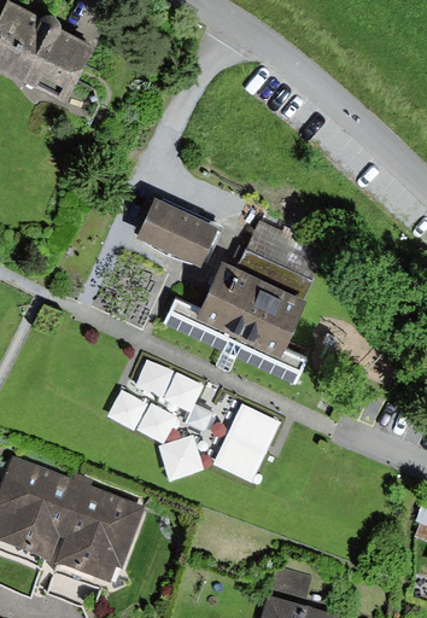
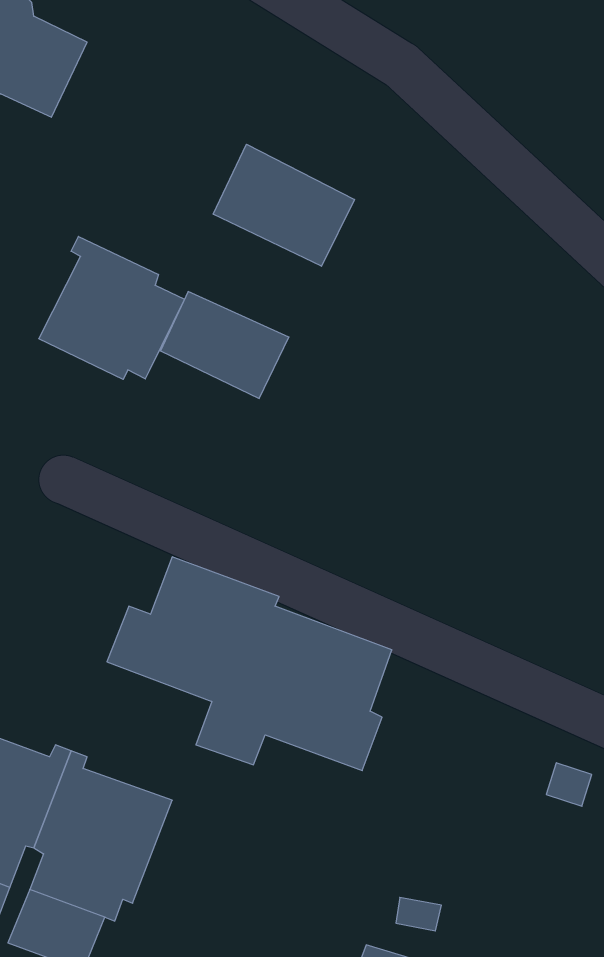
building: none -> [213,144,354,266]
building: none -> [39,236,184,379]
building: [163,223,322,384] -> none

